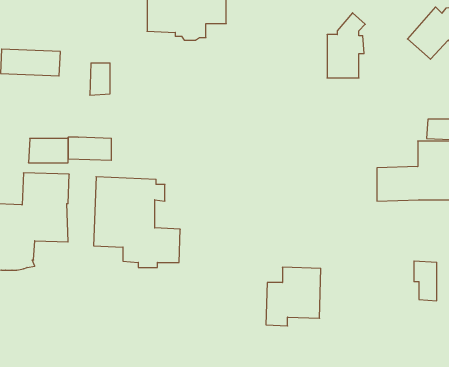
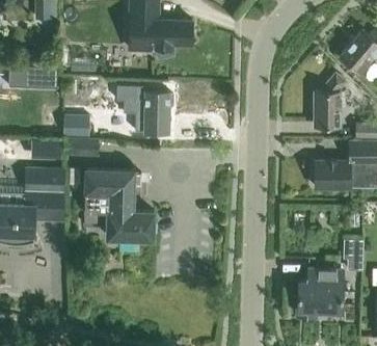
building: [327,13,365,78] -> [315,75,346,128]
building: none -> [114,79,173,133]
building: none -> [63,113,89,137]
building: [266,267,321,326] -> [298,269,343,317]

